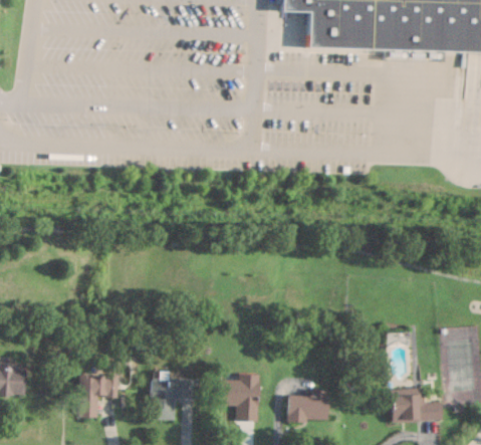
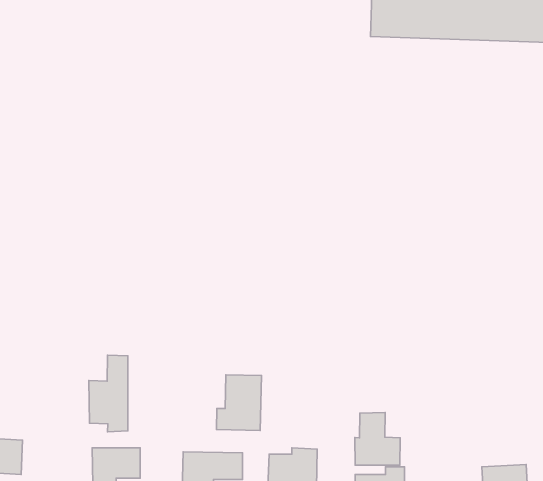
building: none -> [89,355,128,432]
building: none -> [216,375,261,430]
building: none -> [355,413,400,465]

